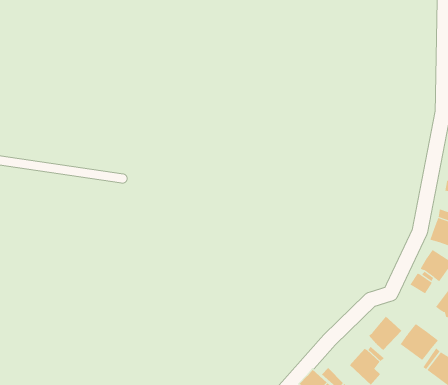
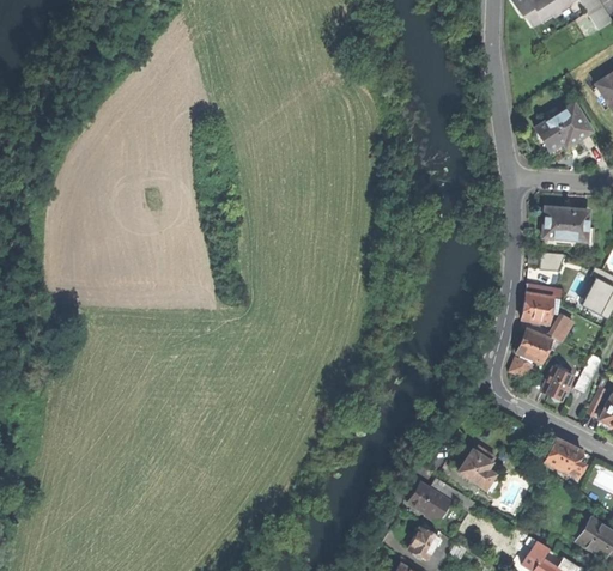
building: [368,316,402,351] -> none
building: [400,323,439,361] -> none

